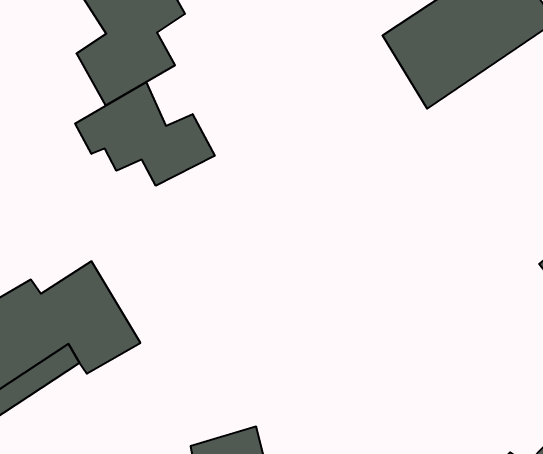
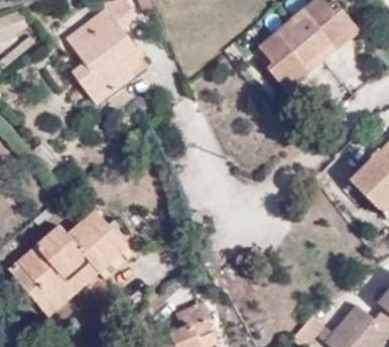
building: [75,82,215,186] -> none

